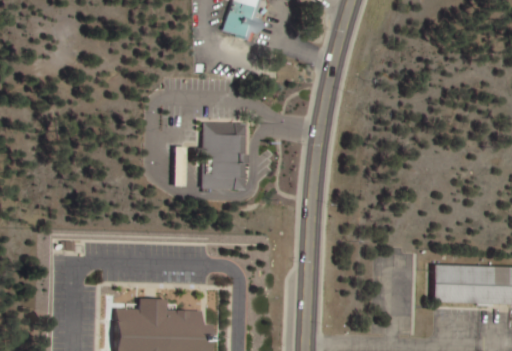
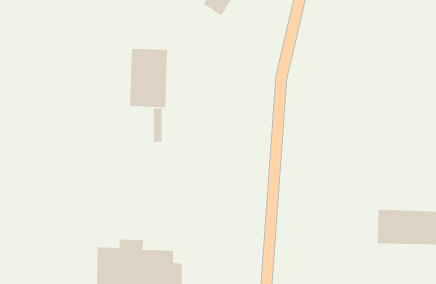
building: [203,121,247,189] -> [129,49,168,108]

